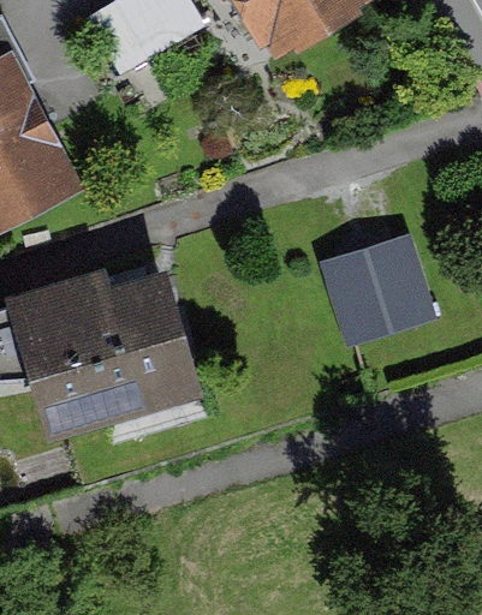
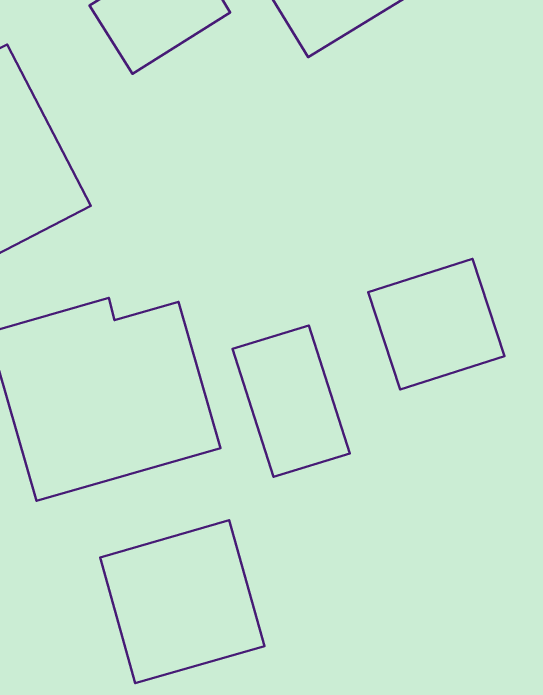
building: none -> [233,326,350,477]
building: none -> [100,520,264,683]

